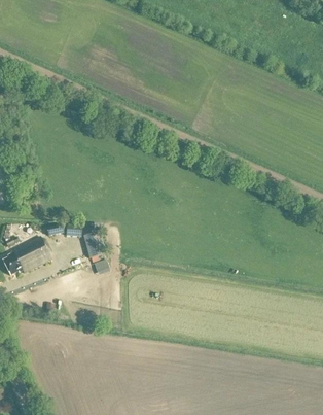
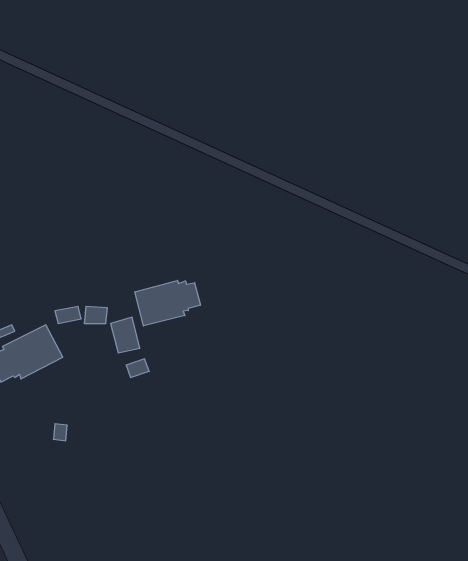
building: none -> [135,280,200,326]

